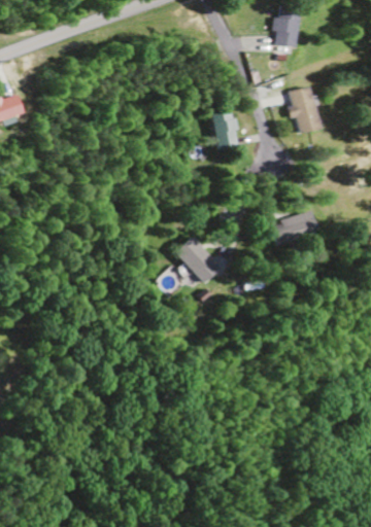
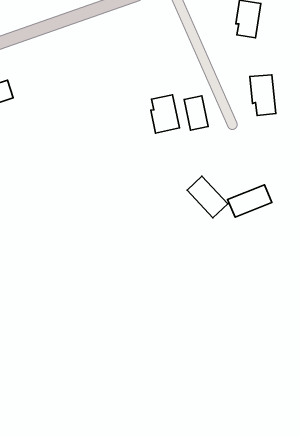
building: none -> [151,95,179,133]
building: [172,236,217,282] -> [187,176,228,218]

